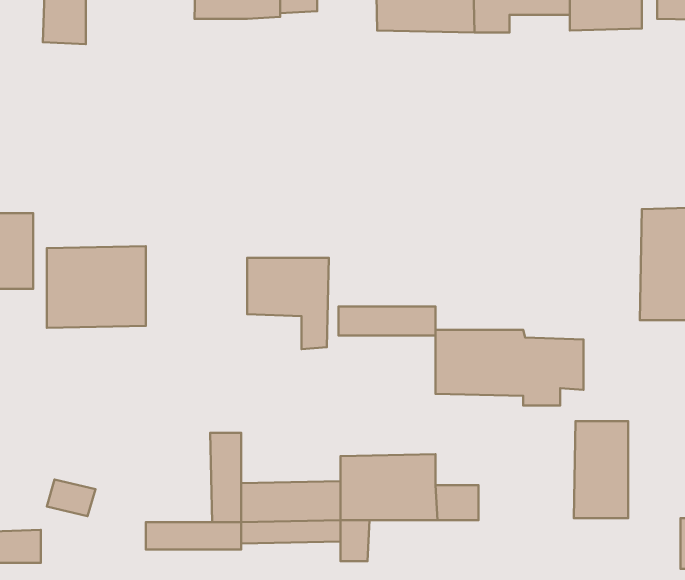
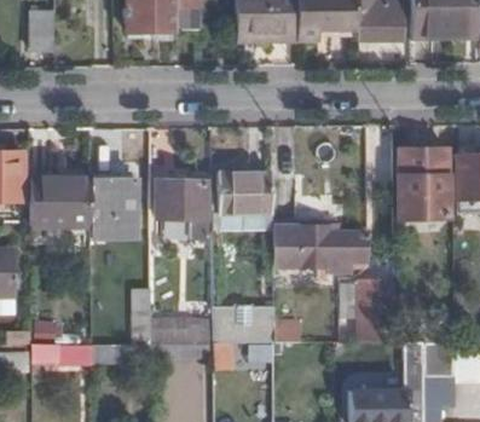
building: none -> [220,163,273,210]
building: none -> [93,179,137,236]
building: none -> [31,345,93,374]

